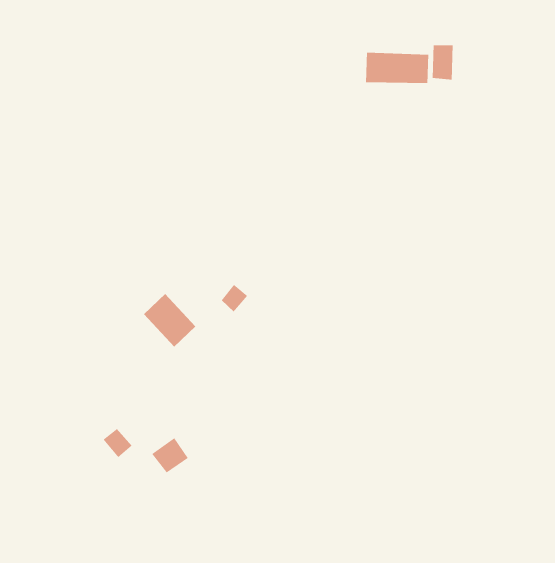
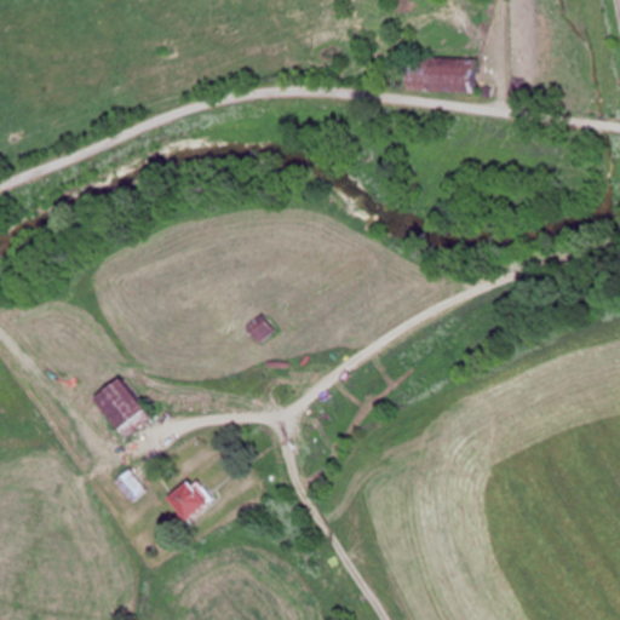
building: [432,45,454,81] -> none
building: [143,293,196,347] -> [90,378,148,437]

